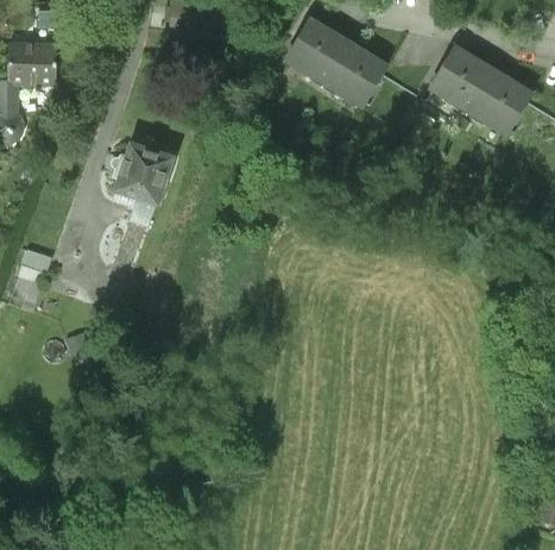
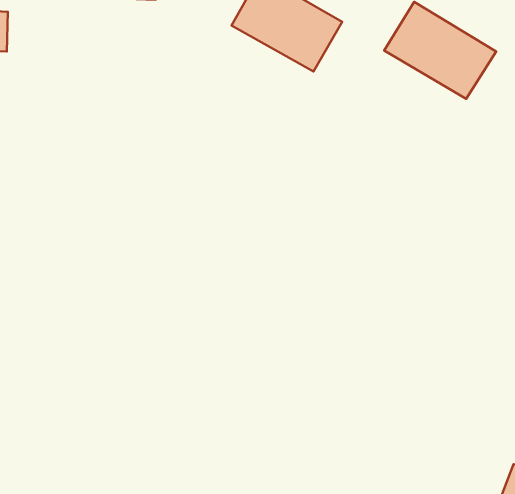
building: [112,144,175,210] -> none

